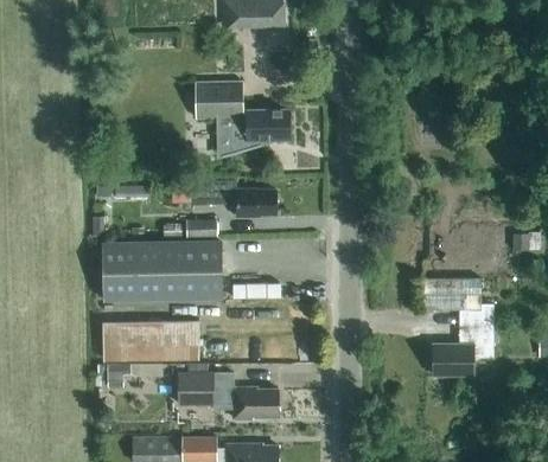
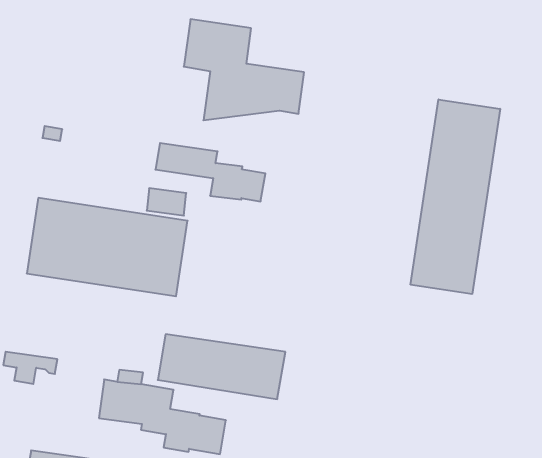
building: none -> [411,99,500,294]
building: [421,276,492,376] -> none
building: [102,321,198,360] -> [158,334,285,399]

